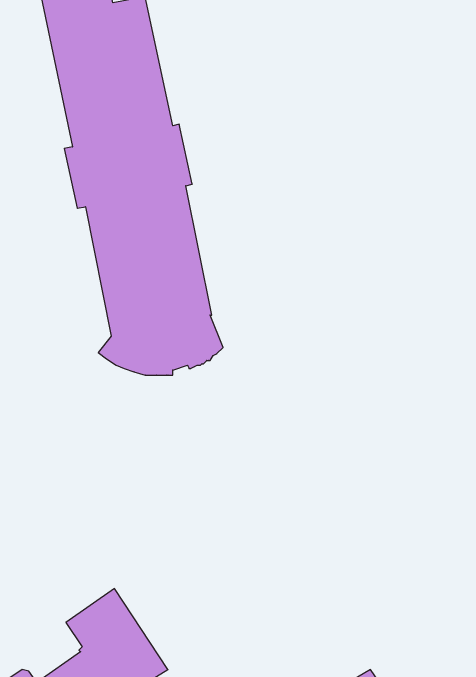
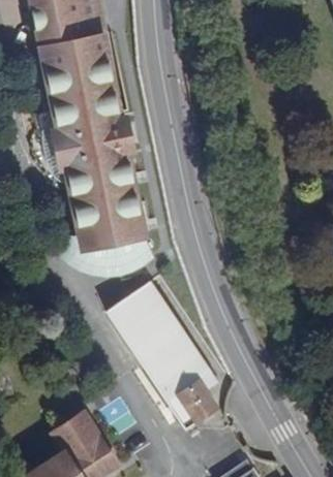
building: none -> [105,282,219,428]

